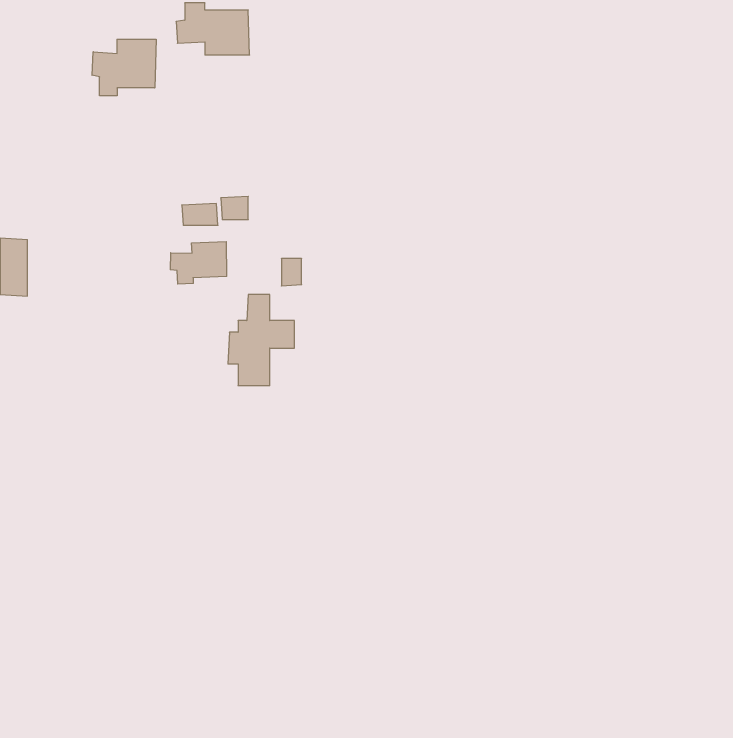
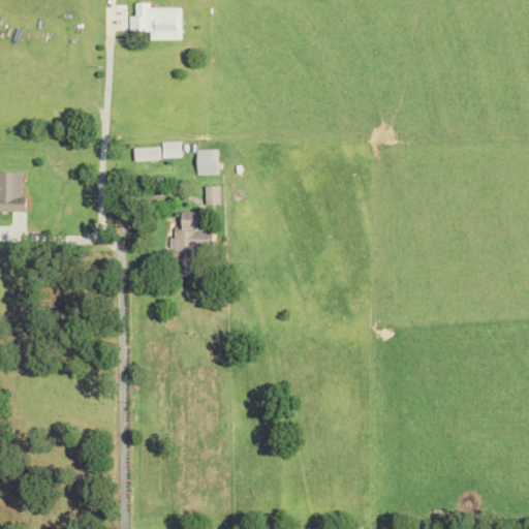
building: [92,39,156,96] -> none
building: none -> [196,149,218,175]
building: [170,242,227,284] -> none

